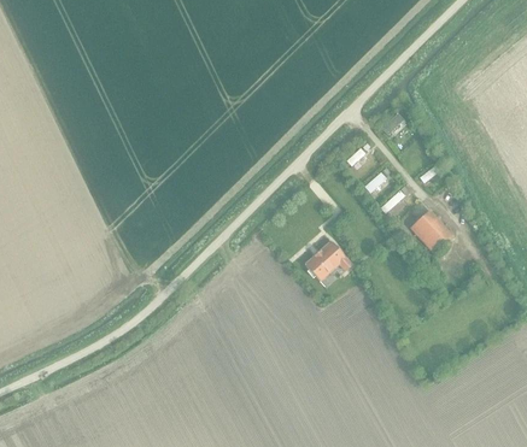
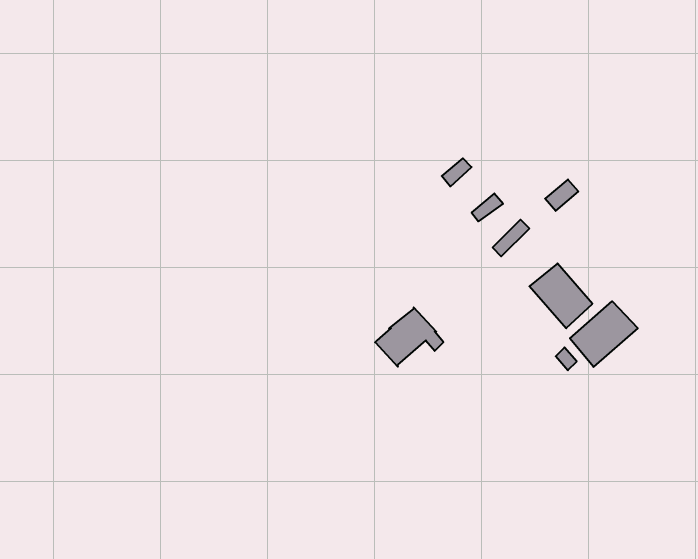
building: none -> [570,301,638,367]

